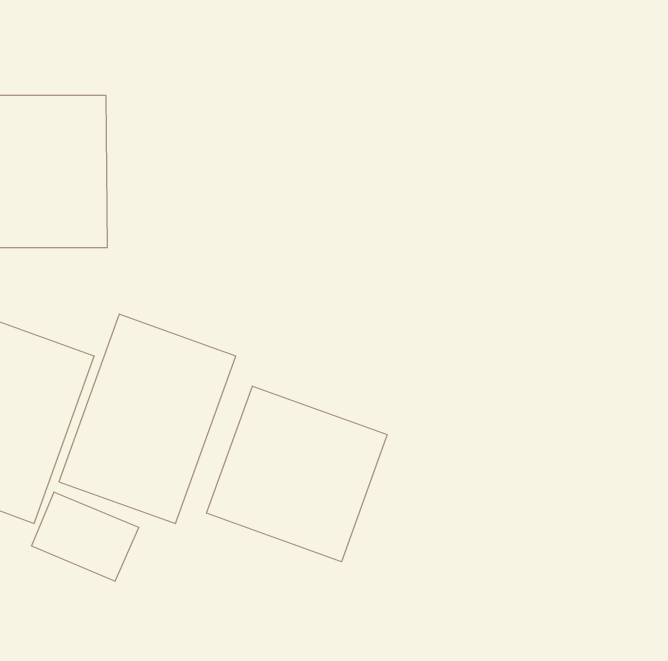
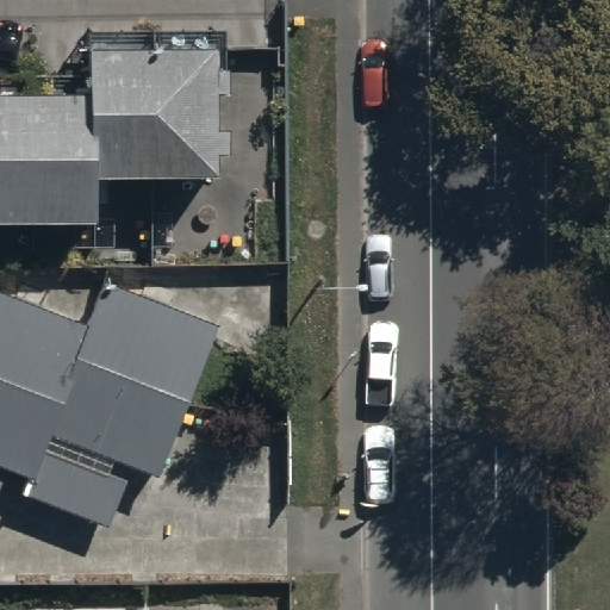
building: none -> [98,42,222,181]
building: [207,386,387,562] -> none

